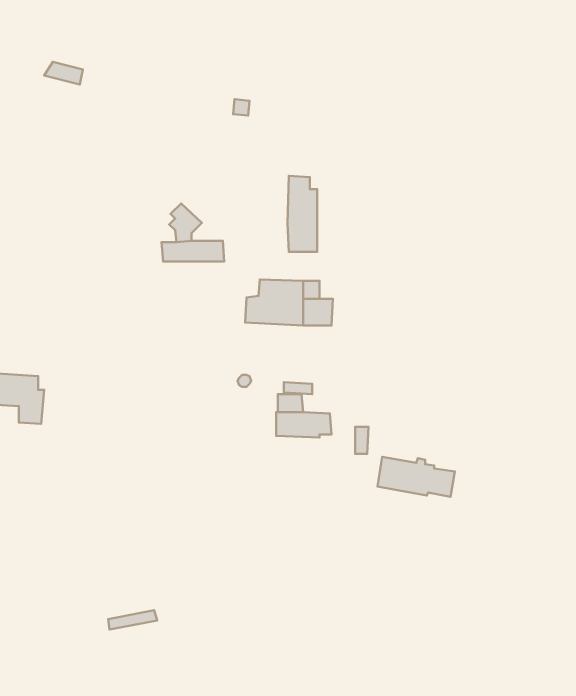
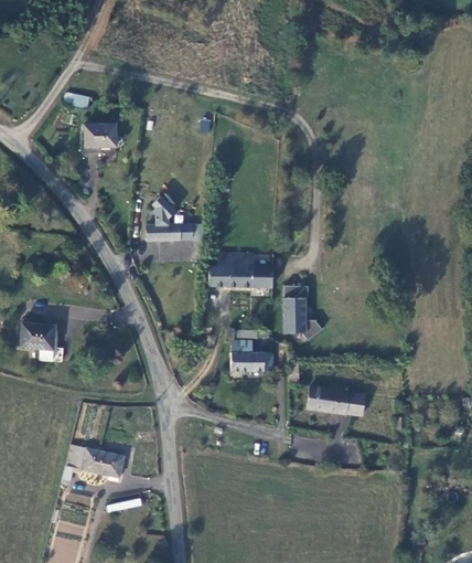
building: none -> [84,125,116,152]
building: [287,176,317,252] -> [283,276,305,332]
building: none -> [63,443,125,479]

